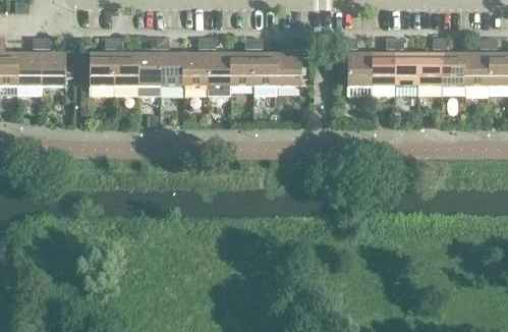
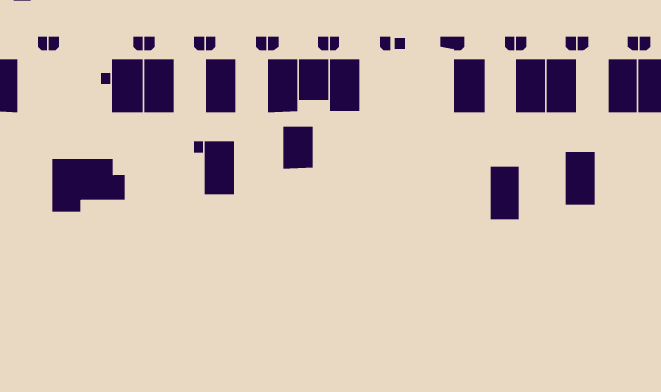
building: [18,52,74,93] -> [52,159,126,212]
building: [136,52,160,93] -> [204,141,235,195]
building: [183,52,207,85] -> [283,126,314,169]
building: [277,52,300,84] -> none
building: [372,52,394,93] -> [490,166,520,220]
building: [441,52,464,93] -> [565,152,596,205]

